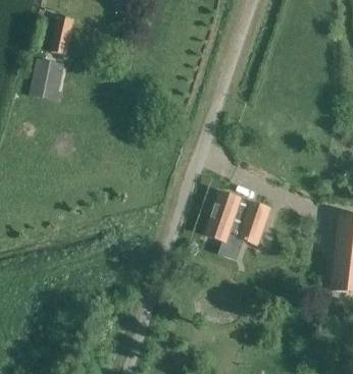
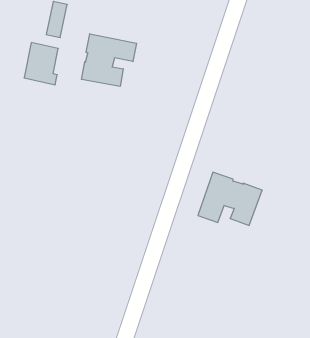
building: none -> [82,34,137,86]

